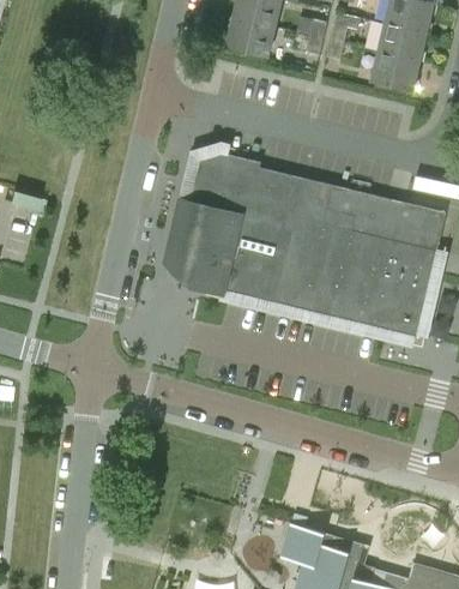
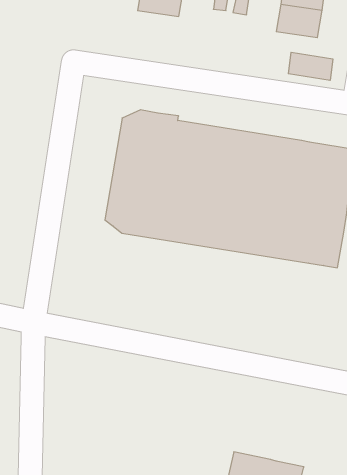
building: none -> [288,52,333,80]

